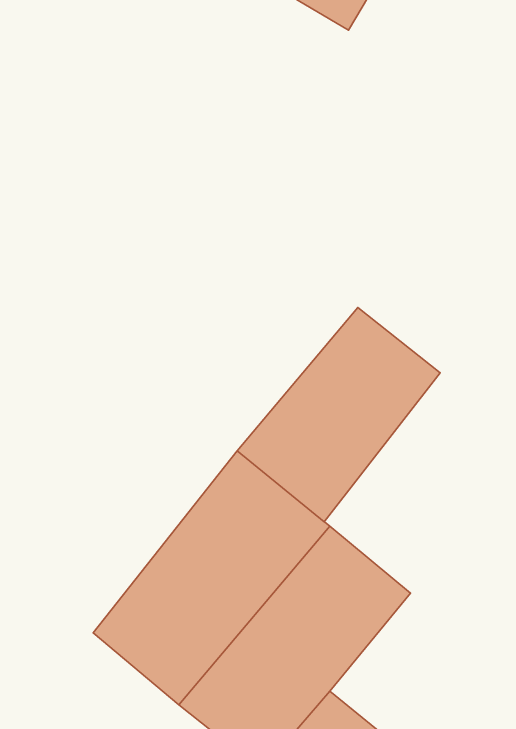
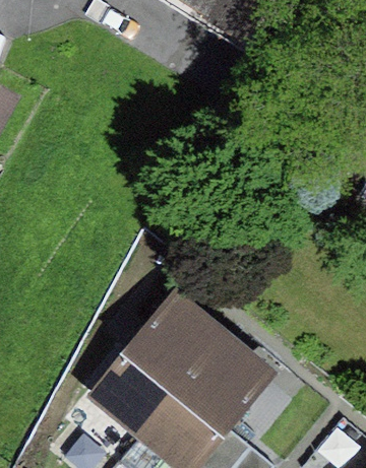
building: [237,307,440,522] -> none

